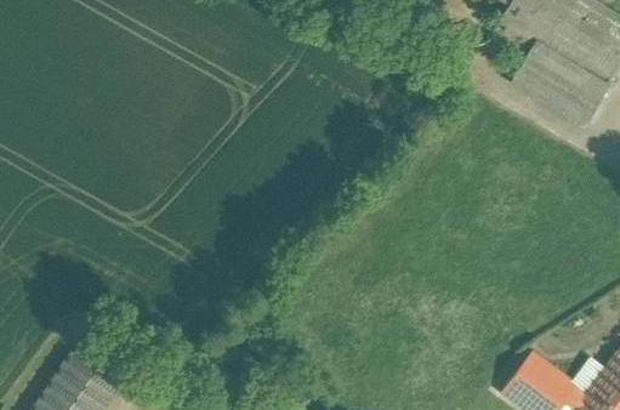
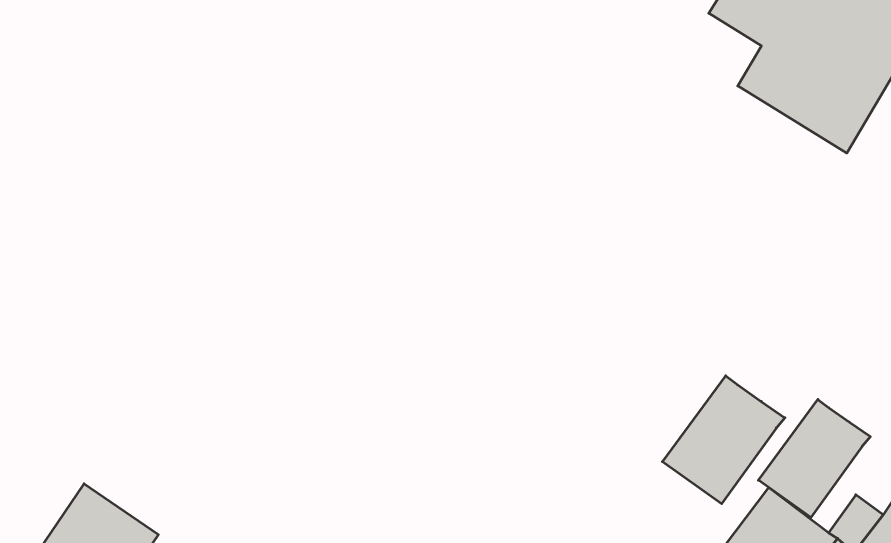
building: none -> [662,376,785,504]
building: none -> [758,399,870,517]

